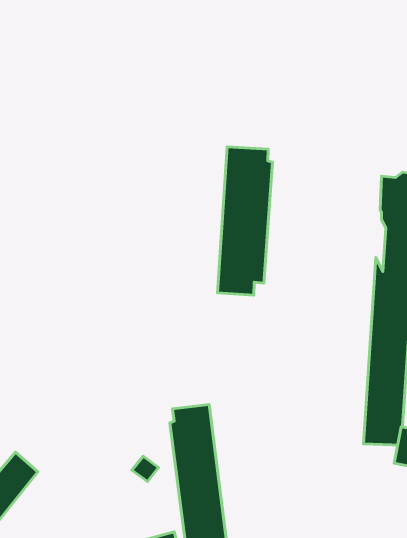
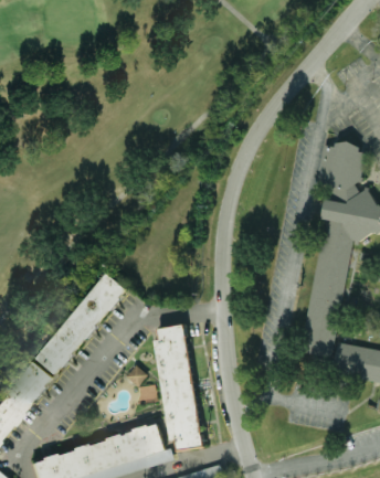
building: [217,147,272,295] -> none
building: none -> [38,274,126,372]

